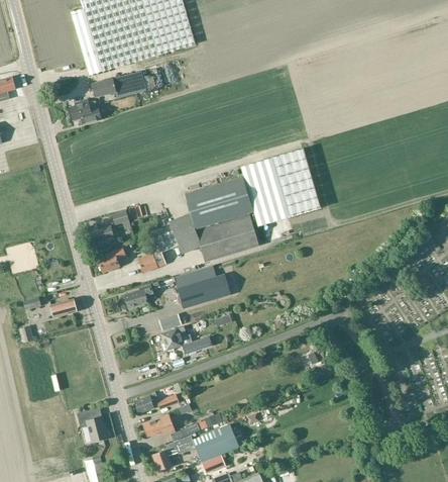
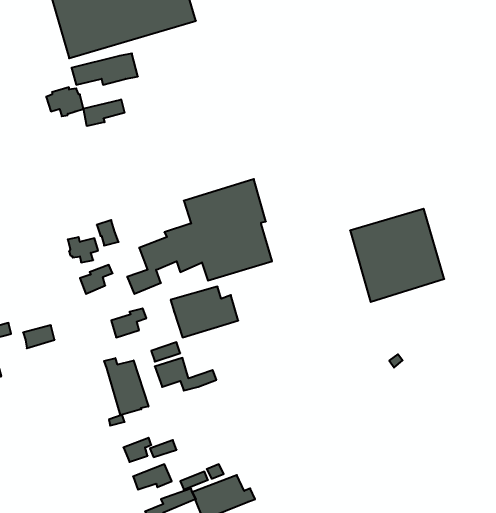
building: none -> [83,99,125,126]
building: [241,149,320,226] -> [350,209,444,302]
building: none -> [104,358,148,415]
building: [77,410,109,443] -> none

